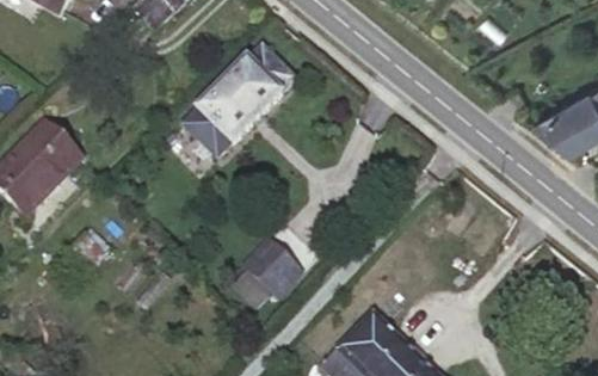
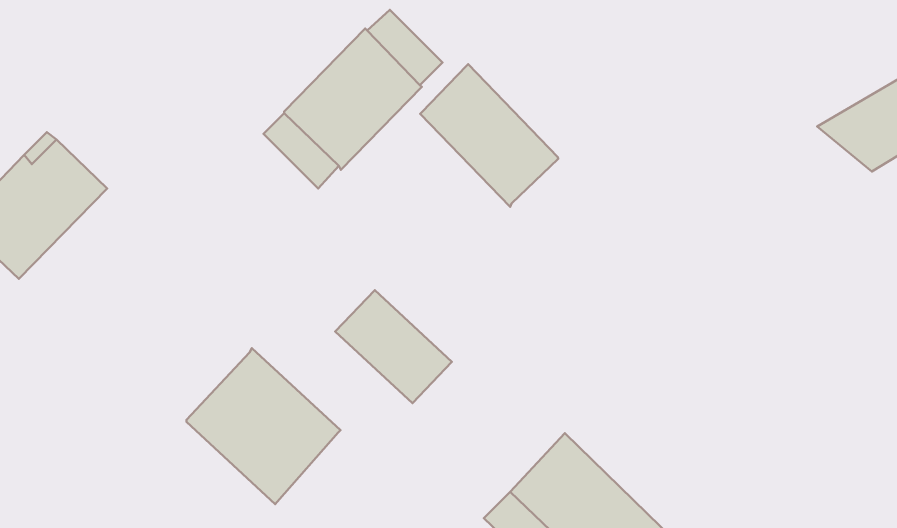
building: none -> [420,64,558,207]
building: none -> [186,348,340,504]

